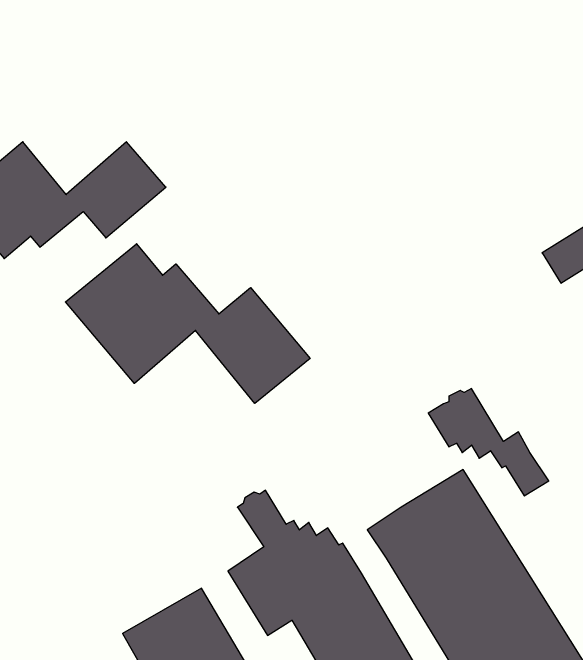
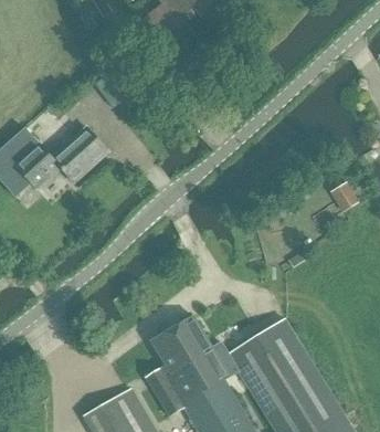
building: [65,244,310,403] -> none
building: [428,389,549,496] -> [168,317,239,380]

